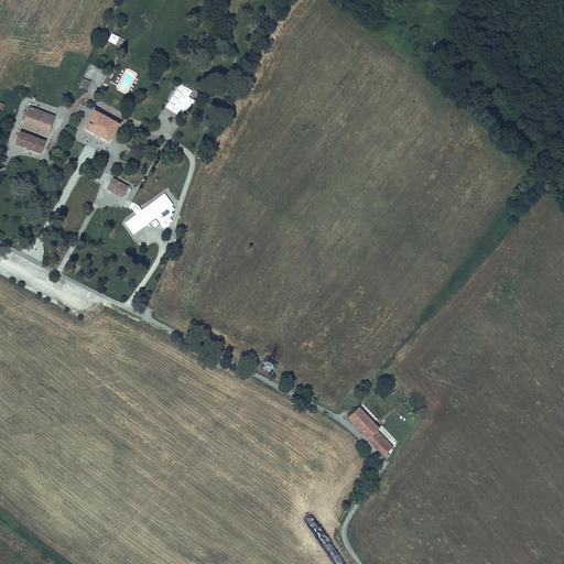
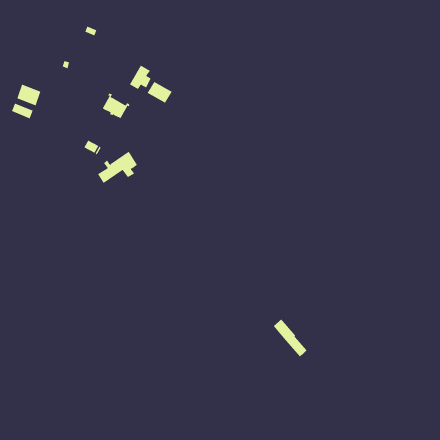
building: none -> [147,81,172,103]
building: [84,107,121,142] -> [101,93,130,120]

